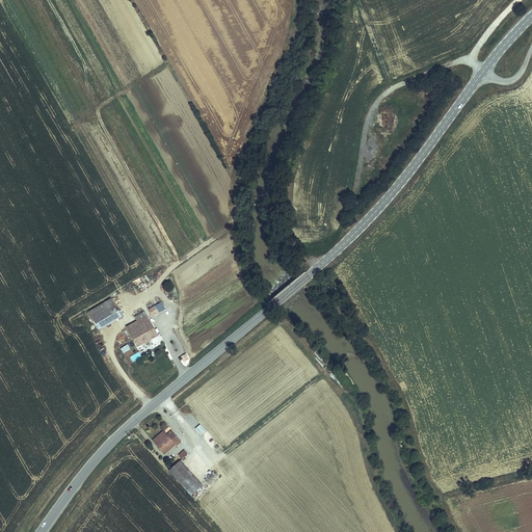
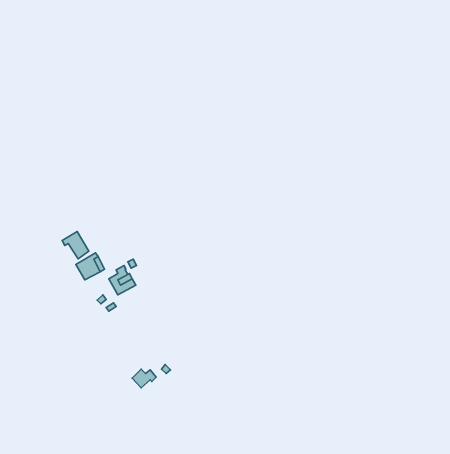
building: none -> [62,232,89,259]
building: [168,460,202,495] -> none

